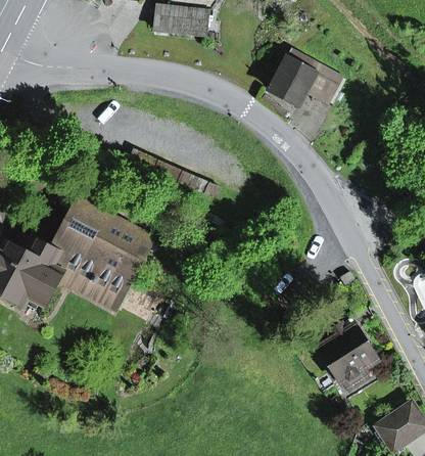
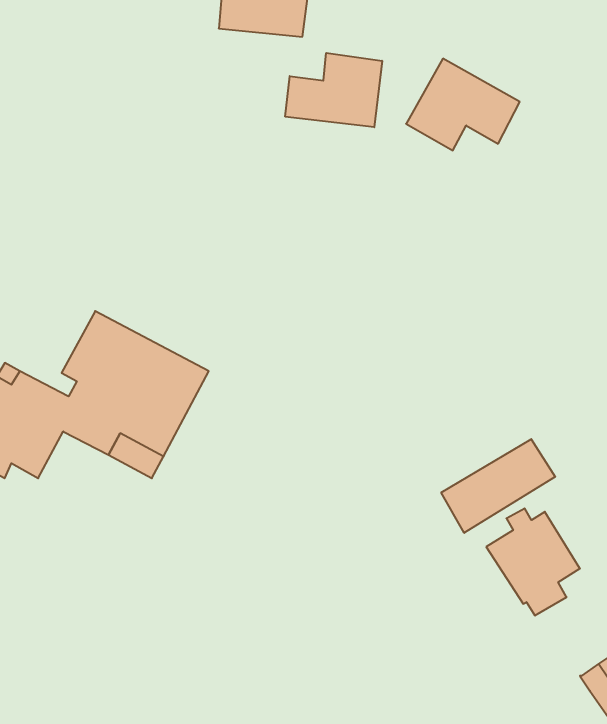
building: none -> [285,53,382,127]
building: none -> [441,439,555,533]

